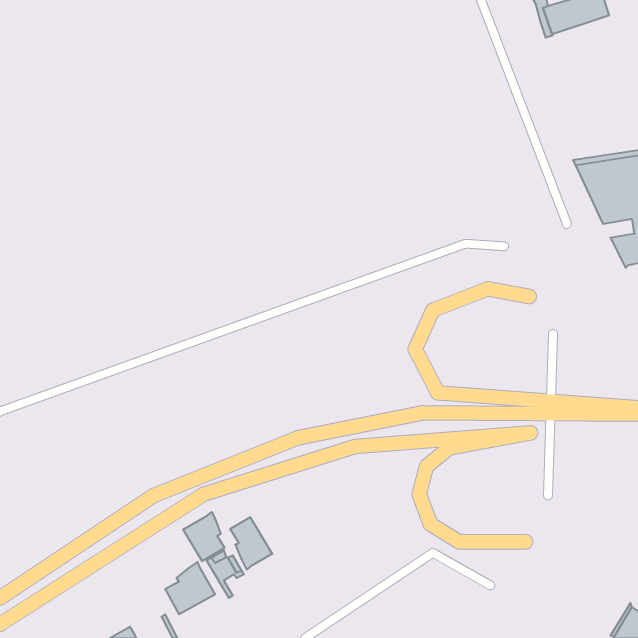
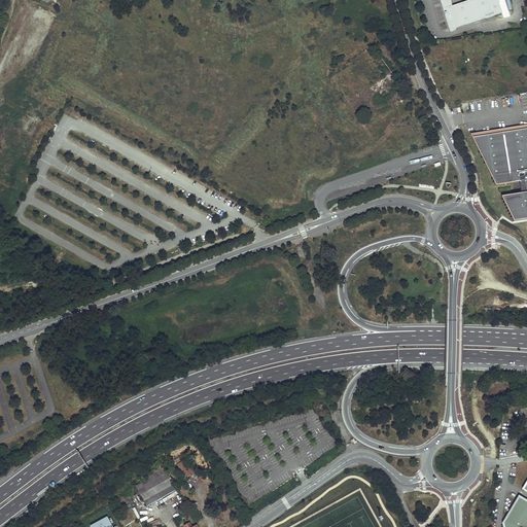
building: [183,512,224,561] -> none
building: [230,517,272,570] -> none

